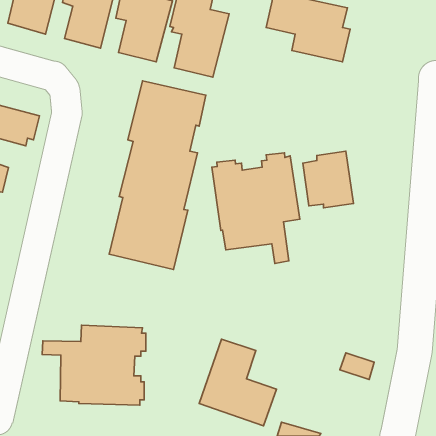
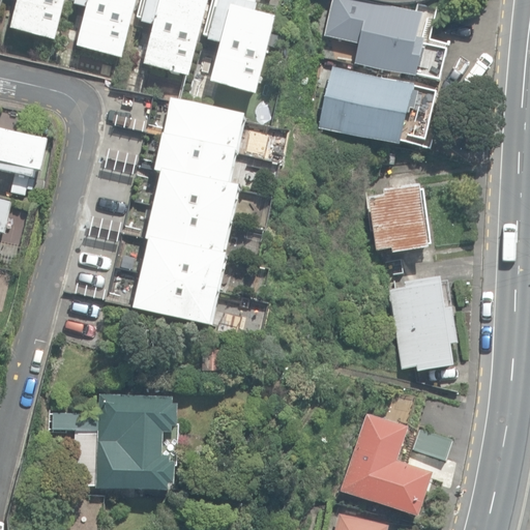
building: none -> [316,63,417,144]
building: [212,153,300,263] -> none
building: none -> [389,279,457,370]
building: [199,339,277,426] -> [338,411,432,516]

